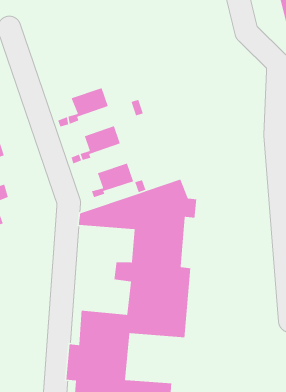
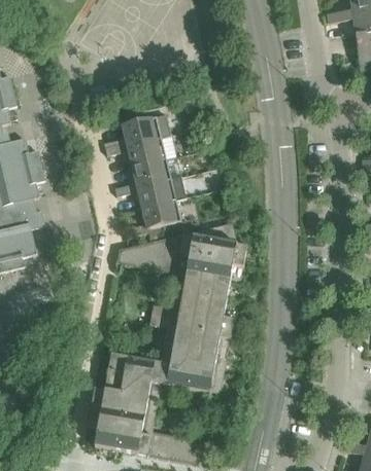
building: none -> [128,138,166,167]
building: none -> [137,179,176,208]

